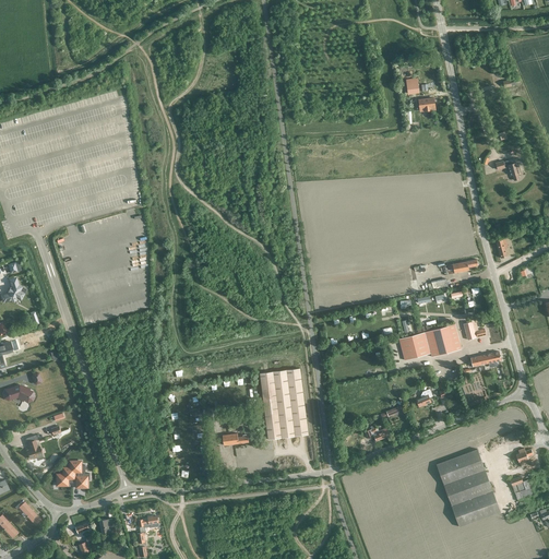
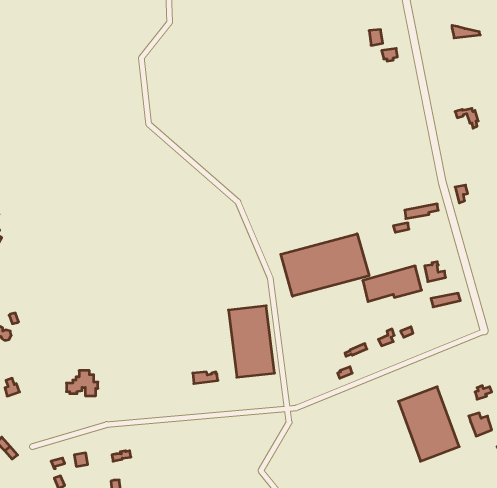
building: none -> [281,234,369,296]
building: [57,461,89,487] -> [66,371,98,396]

